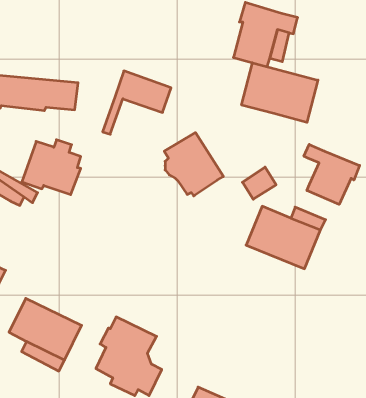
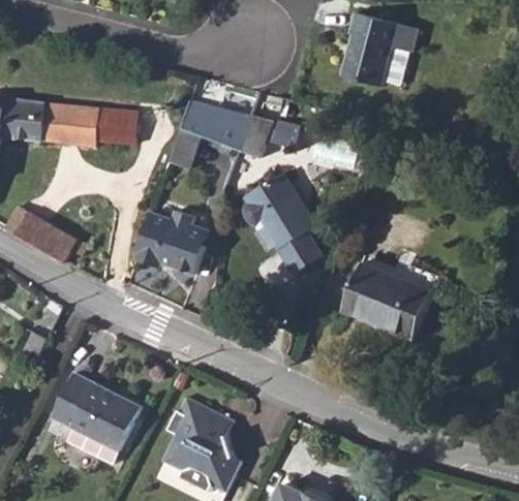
building: [242,63,318,122] -> none
building: none -> [241,117,298,155]
building: [22,140,81,195] -> [135,211,208,278]
building: [304,144,360,204] -> none
building: [242,167,276,199] -> [280,229,322,269]

